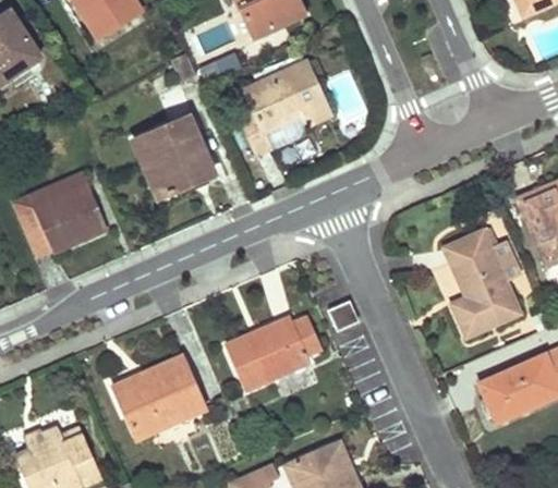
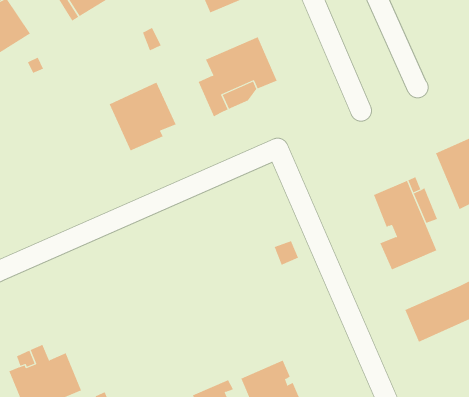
building: [14,172,107,256] -> none
building: [226,314,323,390] -> none
building: [112,355,204,438] -> none

